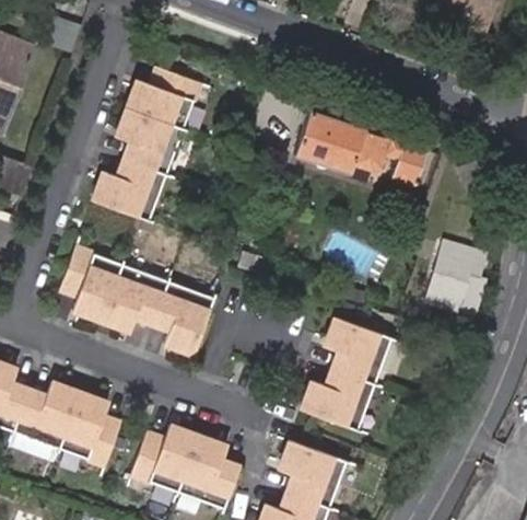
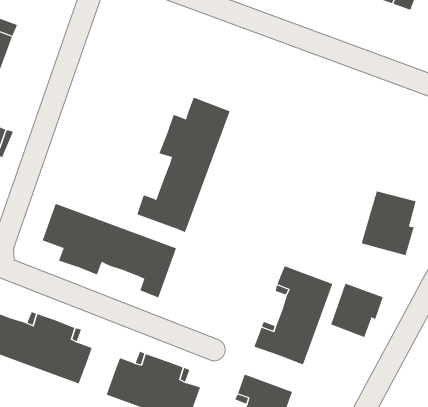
building: [91,66,198,221] -> [137,97,231,233]
building: [290,106,429,185] -> none
building: none -> [331,283,383,338]

